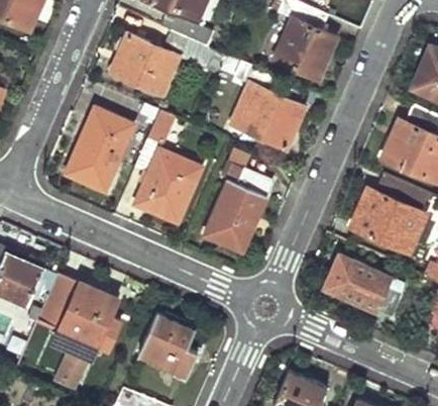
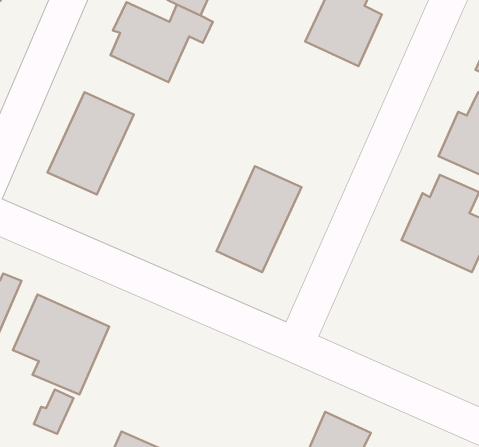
building: [229,71,305,154] -> none
building: [131,134,200,223] -> none
building: [326,256,400,317] -> none
building: [135,310,201,373] -> none

